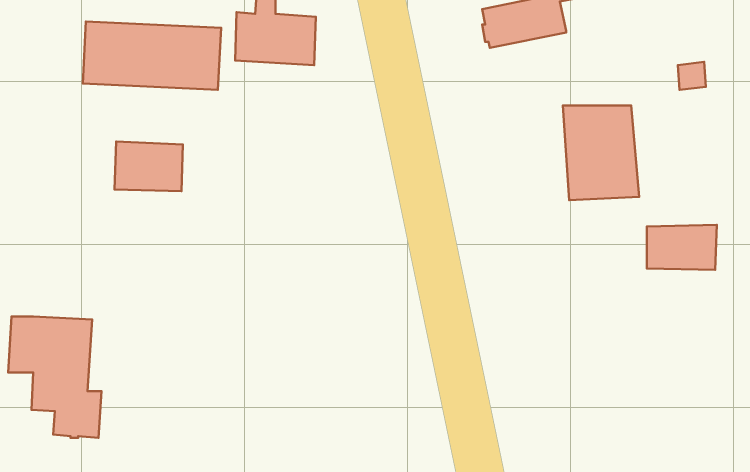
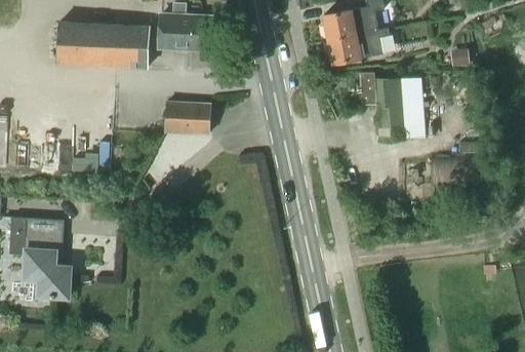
building: none -> [326,27,388,64]
building: [115,141,183,191] -> [165,102,210,134]

